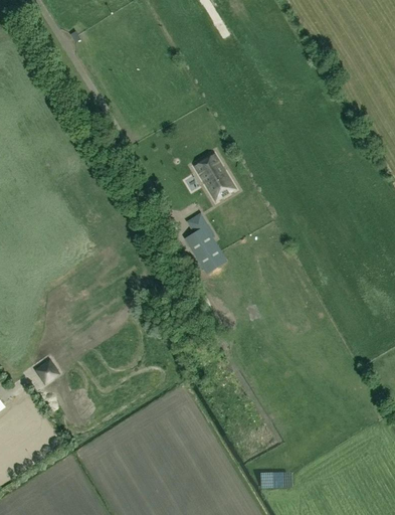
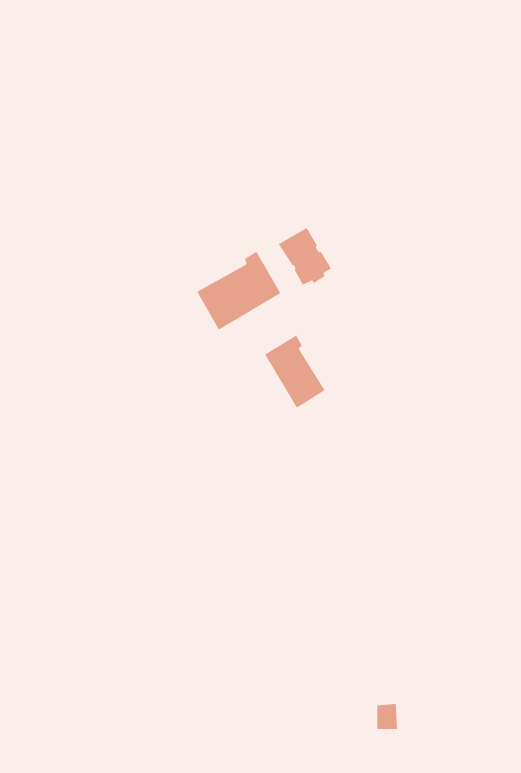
building: none -> [197,251,281,330]

